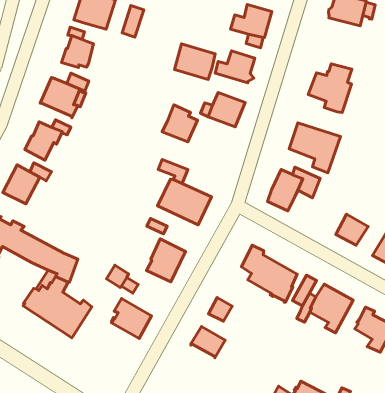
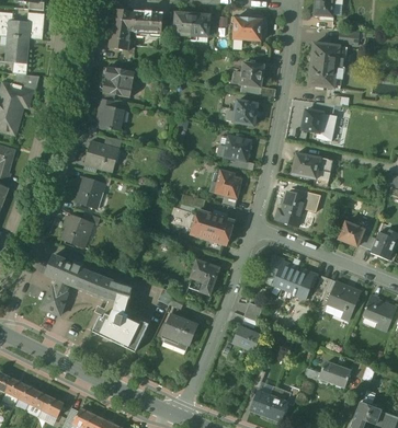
building: none -> [308,63,337,89]
building: [175,44,215,79] -> none
building: [162,105,198,142] -> [214,170,241,198]

